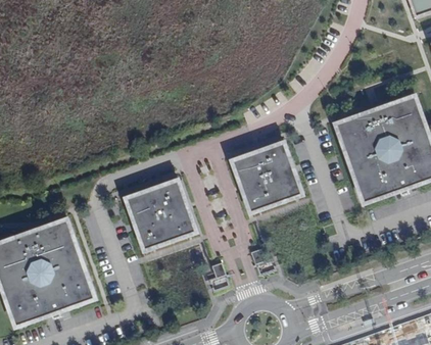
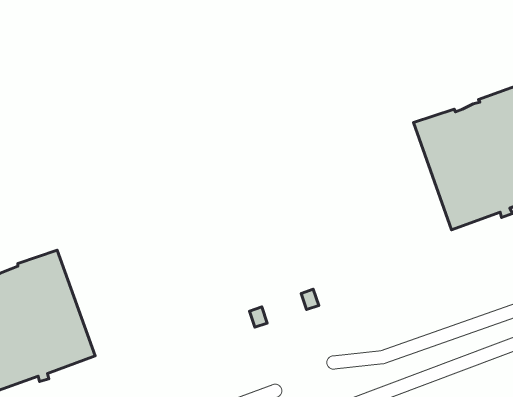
building: [232,140,303,213] -> none
building: [122,178,195,251] -> none

